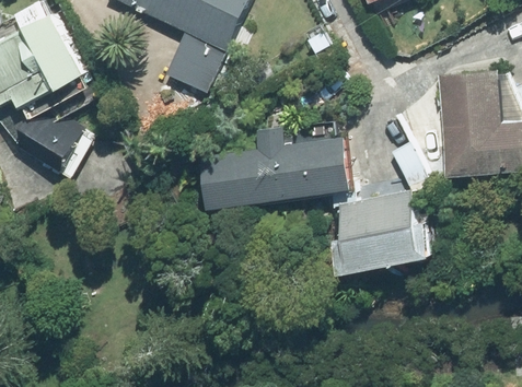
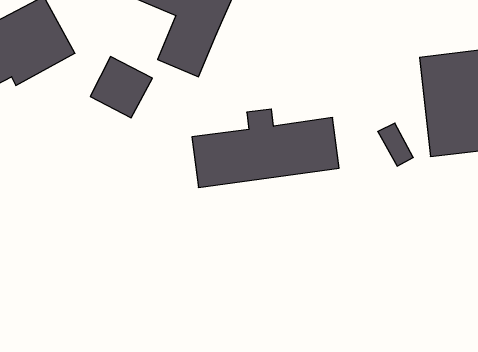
building: [16,112,80,174] -> [90,57,152,118]
building: [332,191,431,270] -> none

